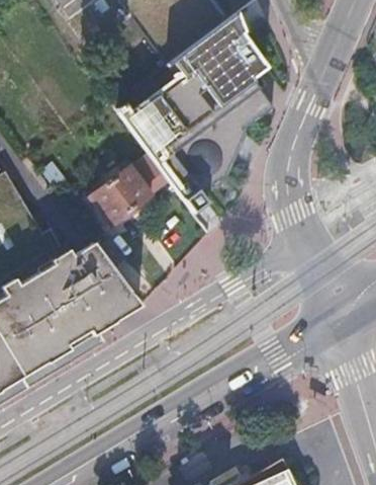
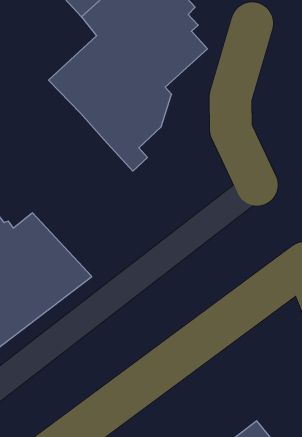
building: [88,155,165,225] -> none

